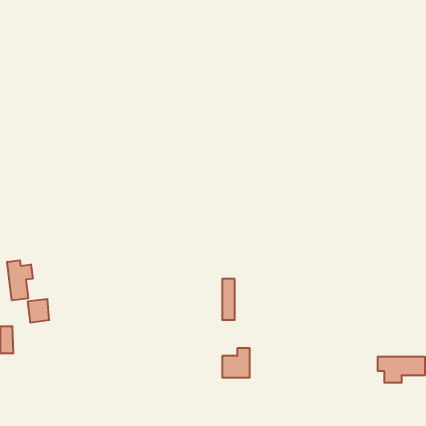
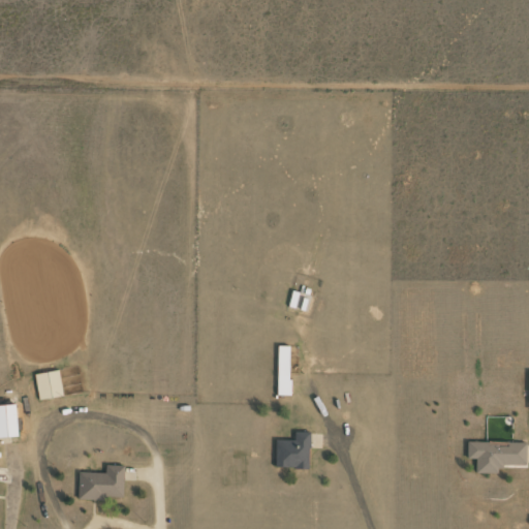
building: [7,260,33,300] -> none
building: none -> [79,465,125,500]

